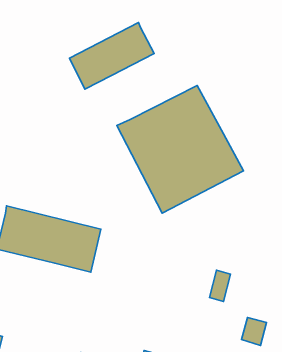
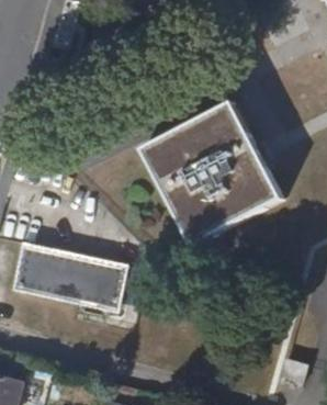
building: [69,22,154,89] -> none

